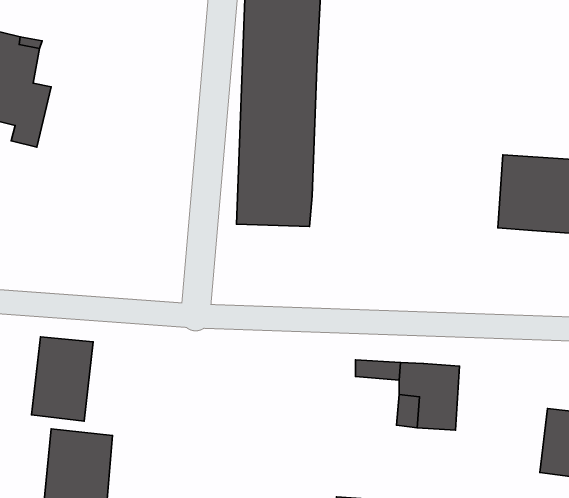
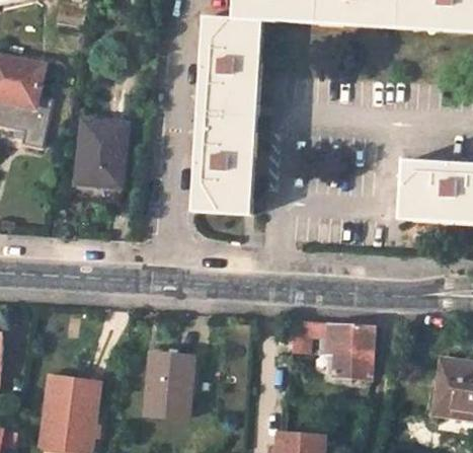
building: none -> [74,117,127,184]
building: [32,337,93,421] -> [142,353,190,420]

